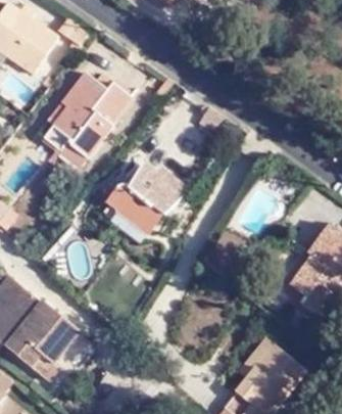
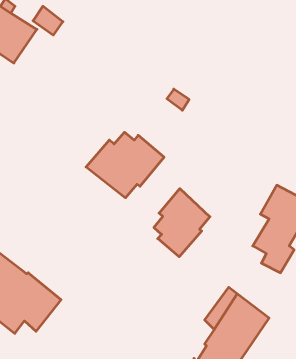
building: [43,73,133,167] -> none
building: none -> [154,189,210,257]

